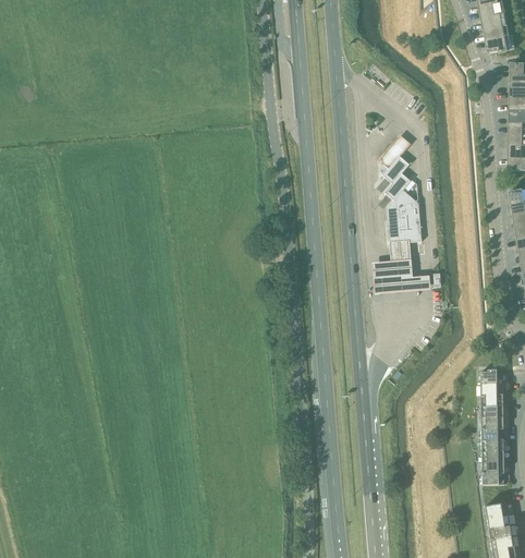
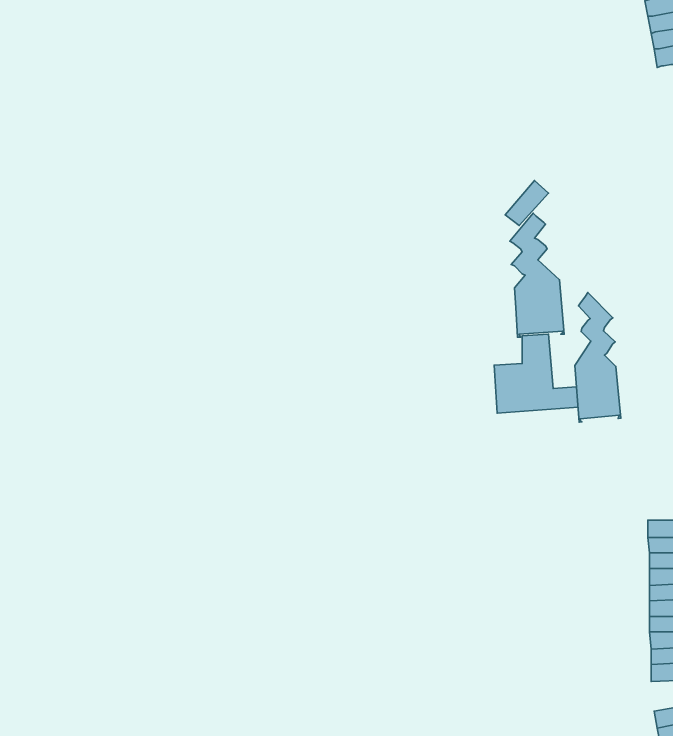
building: none -> [575,293,621,422]

